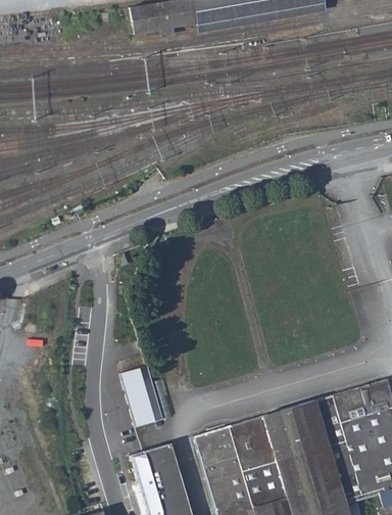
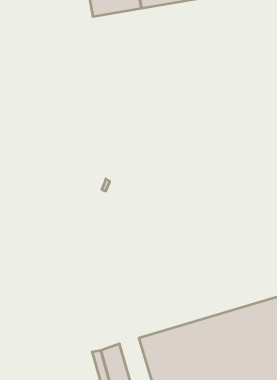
building: [119,353,162,426] -> none

